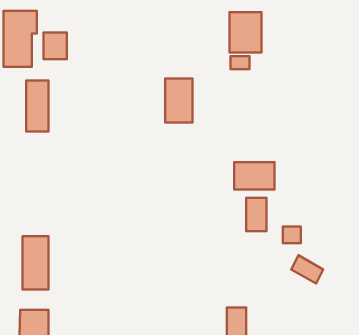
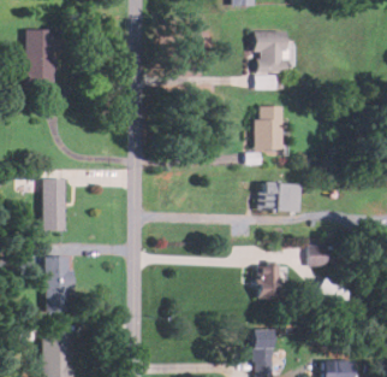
building: [43,32,67,59] -> none
building: [165,79,192,123] -> [255,106,282,151]
building: [26,80,49,132] -> [43,178,66,230]
building: [246,198,266,231] -> [260,266,280,300]

